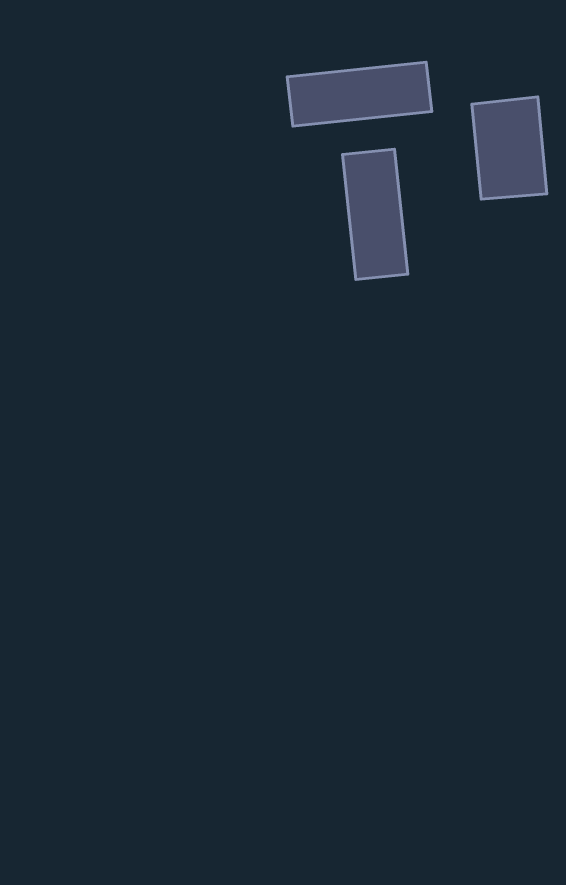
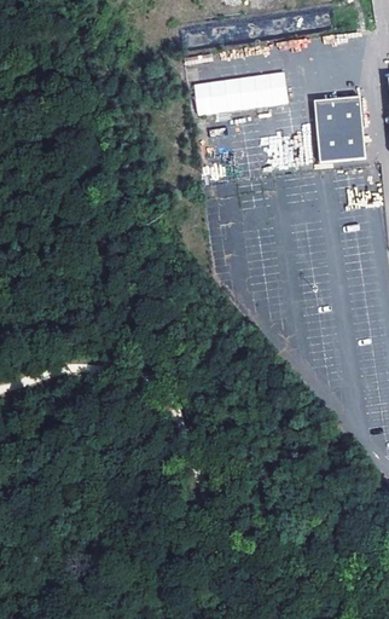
building: [343,149,408,279] -> none

